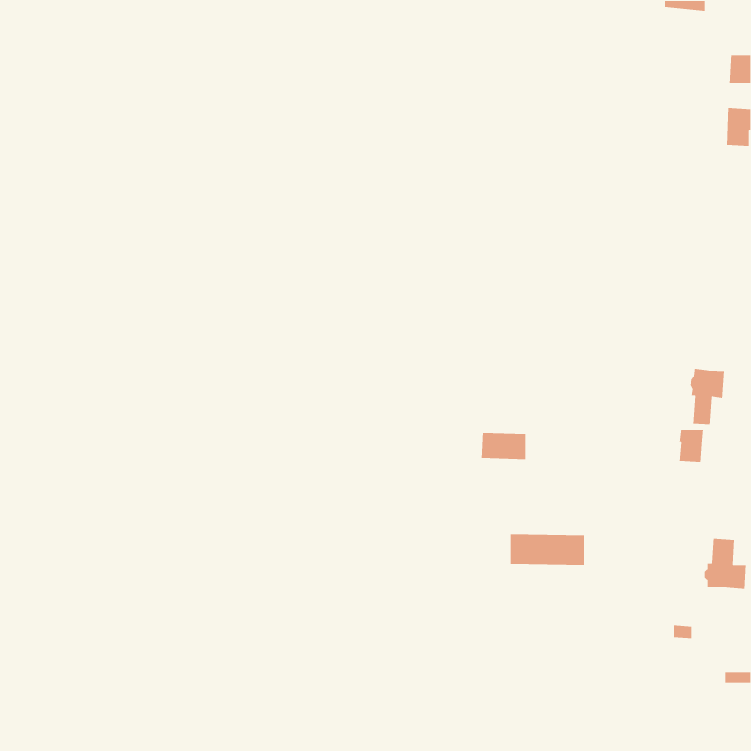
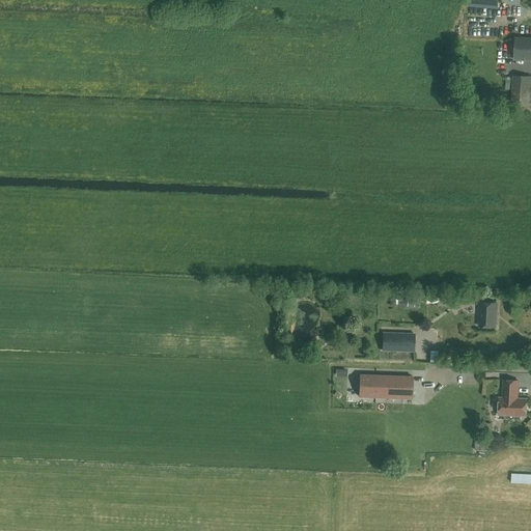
building: [690,368,725,425] -> none
building: [481,432,526,460] -> [382,332,414,352]

